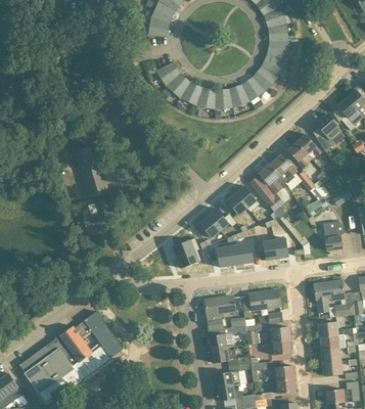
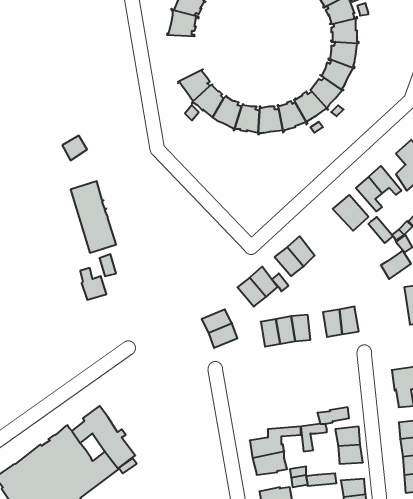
building: [259,165,289,218] -> none
building: [241,289,280,311] -> none
building: [206,296,235,329] -> none

